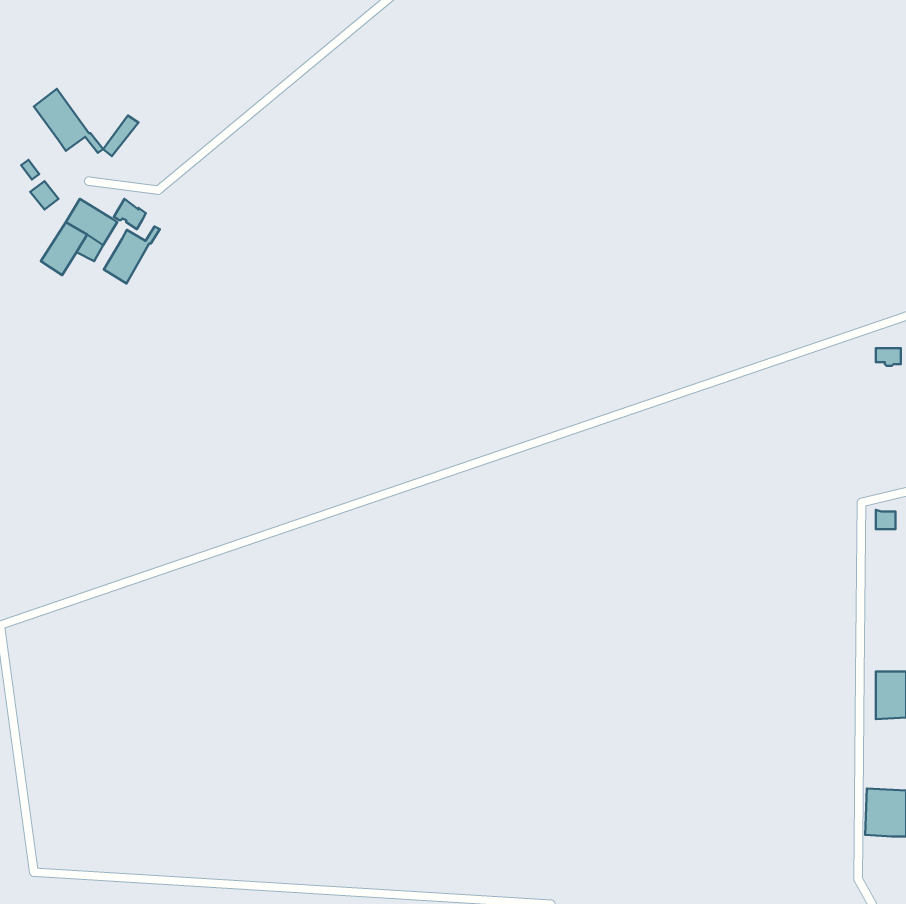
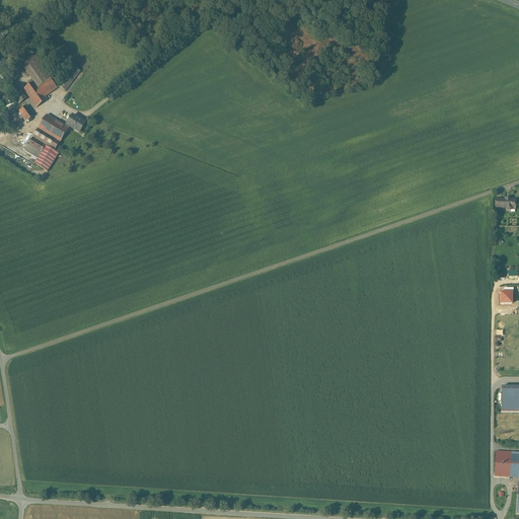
building: none -> [22,78,56,105]
building: [104,226,160,283] -> none

